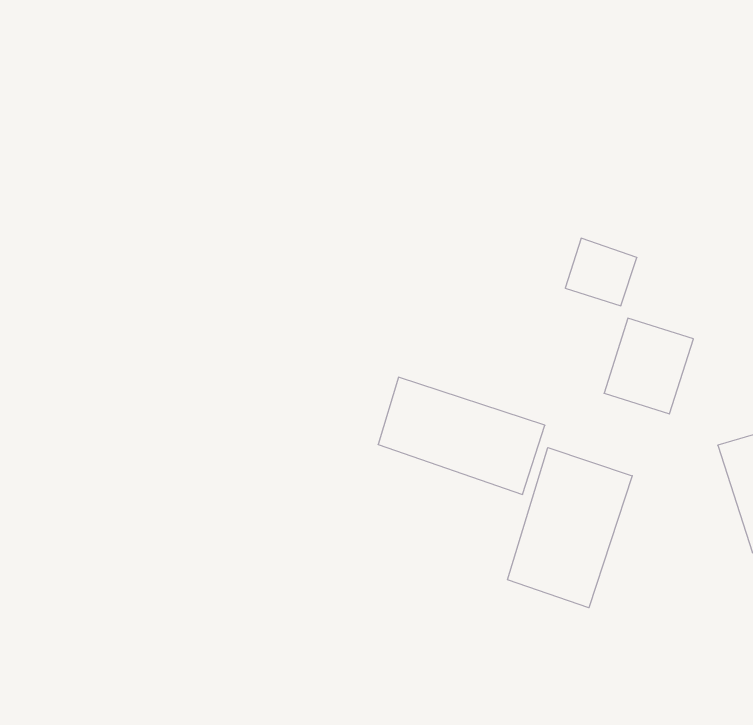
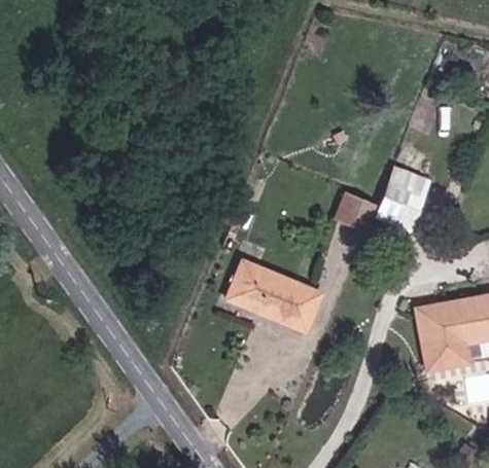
building: [604,318,693,414] -> [374,175,424,228]
building: [508,448,632,608] -> none

